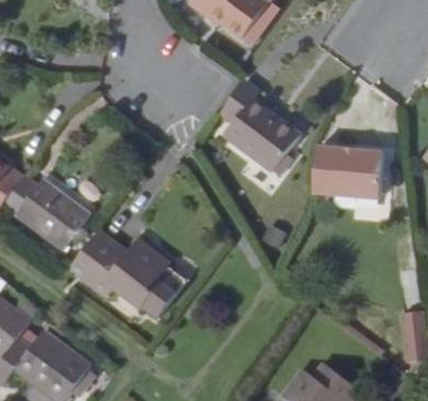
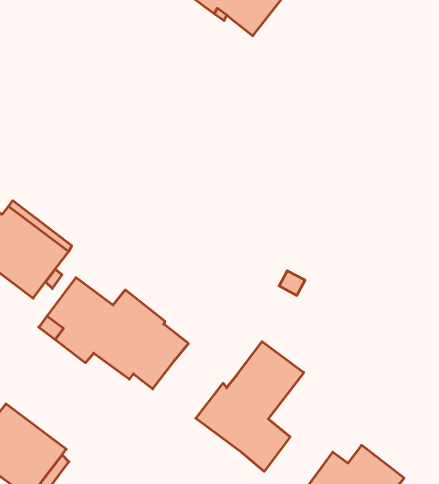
building: [222,85,299,175] -> none
building: [312,149,382,202] -> none
building: none -> [196,342,304,471]

